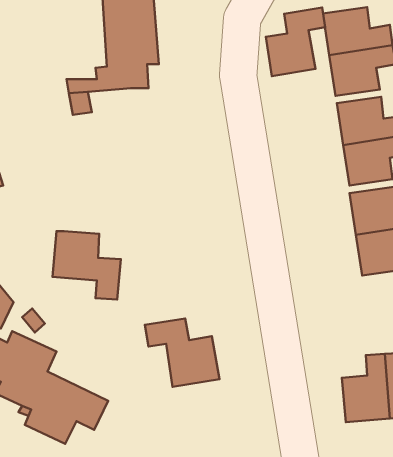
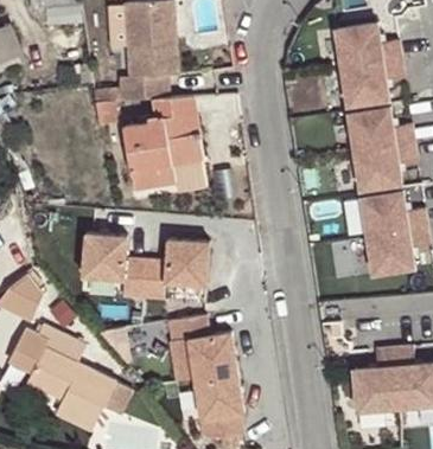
building: [266,7,325,76] -> none
building: none -> [122,96,203,190]
building: none -> [140,237,206,297]
building: none -> [192,371,242,437]

